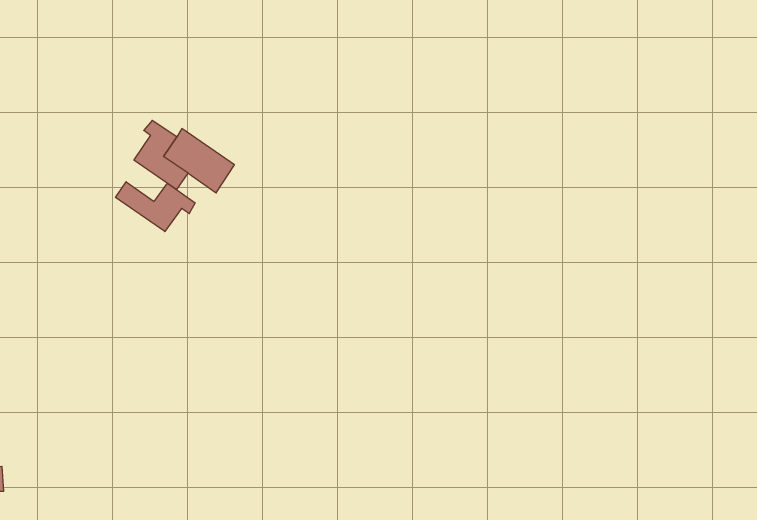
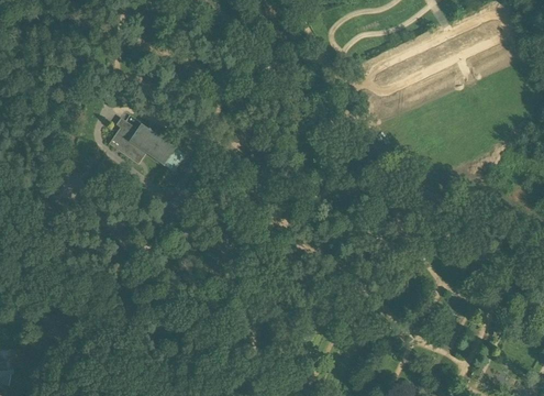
building: [116,182,195,232] -> none

